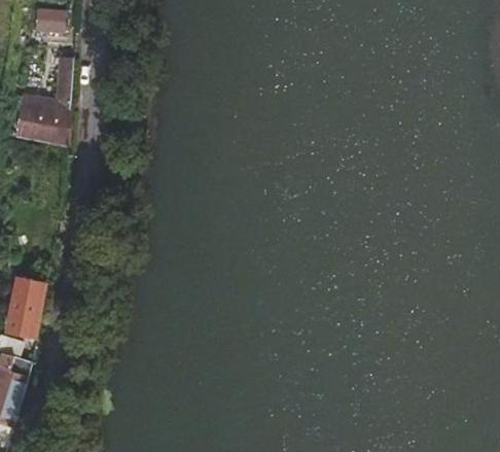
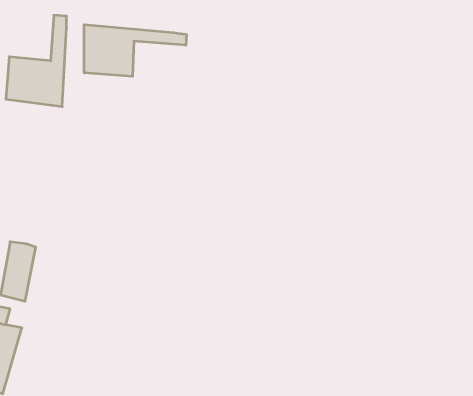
building: none -> [84,25,186,76]

